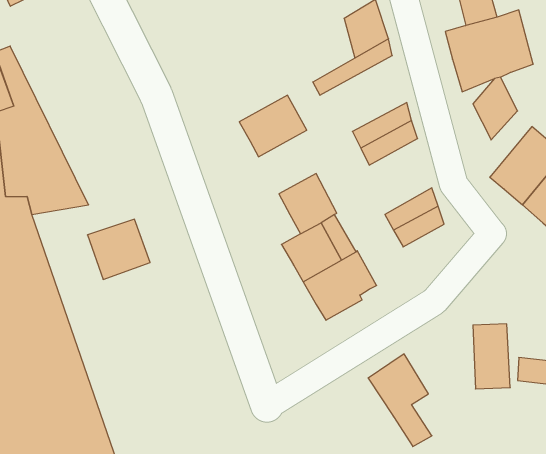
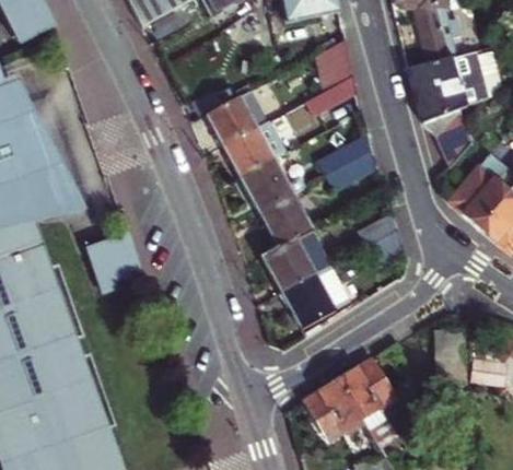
building: none -> [206,90,271,148]
building: none -> [241,161,305,213]
building: none -> [308,380,363,436]

